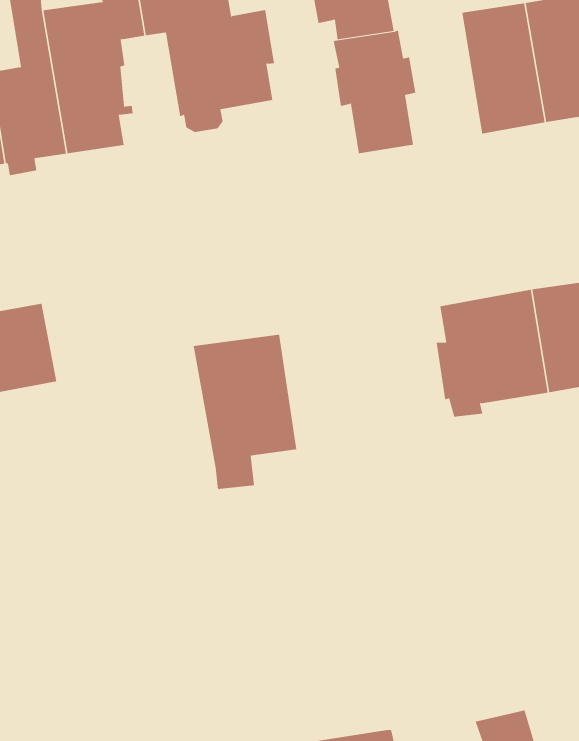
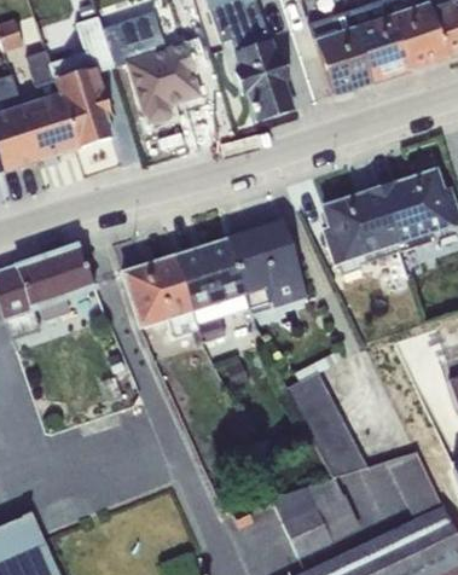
building: none -> [227,221,307,315]
building: none -> [123,255,199,337]
building: none -> [286,349,367,475]

